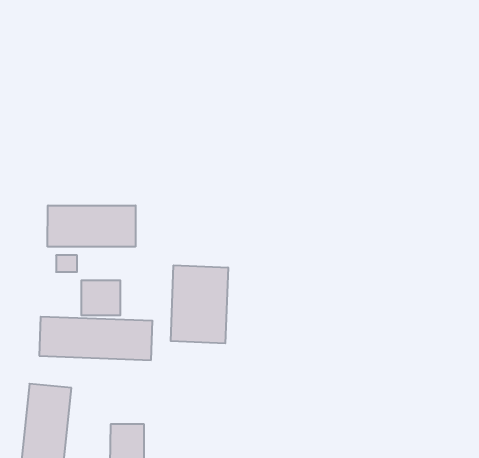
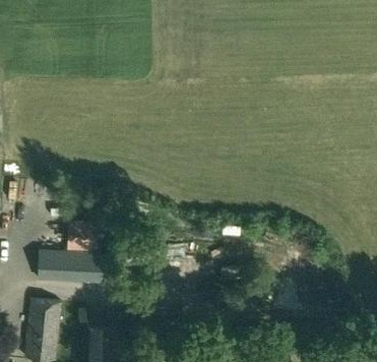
building: [48,205,136,247] -> none
building: [171,265,228,343] -> none

